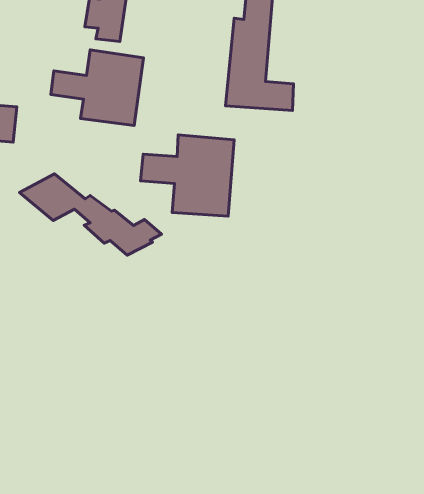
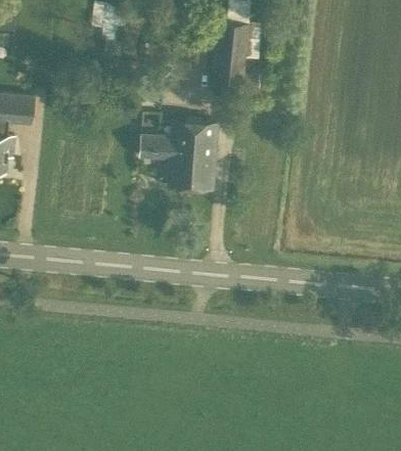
building: [51,50,143,126] -> none
building: [19,174,161,255] -> none

